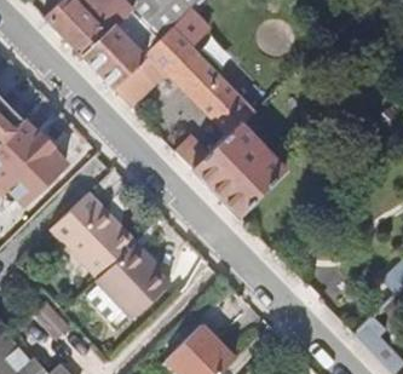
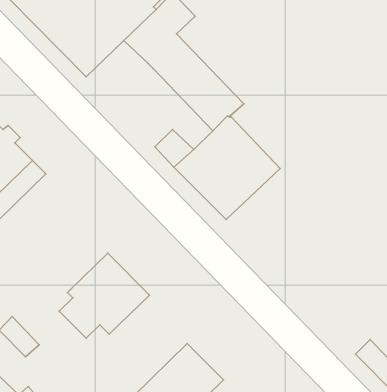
building: [113,53,168,108] -> none
building: [50,192,136,277] -> none

